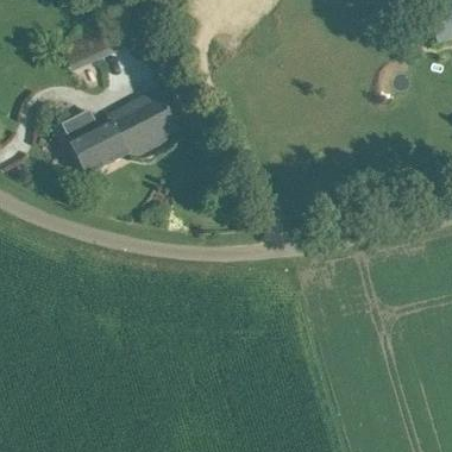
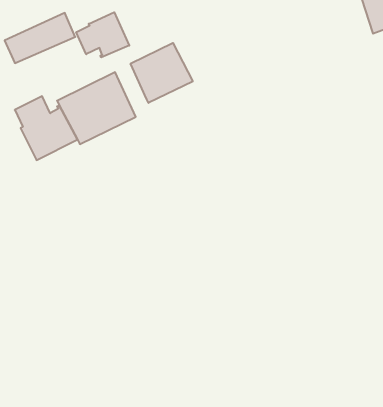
building: none -> [76,12,129,57]
building: none -> [131,43,193,103]

